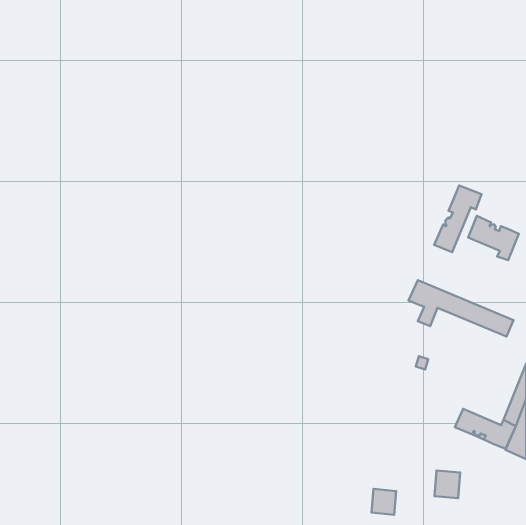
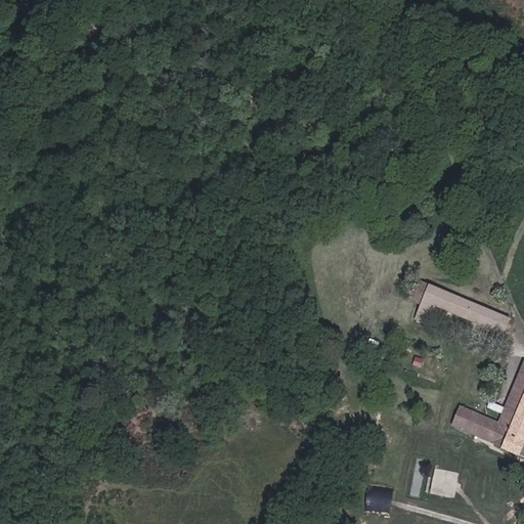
building: [434,186,481,252] -> none
building: [468,216,519,260] -> none

